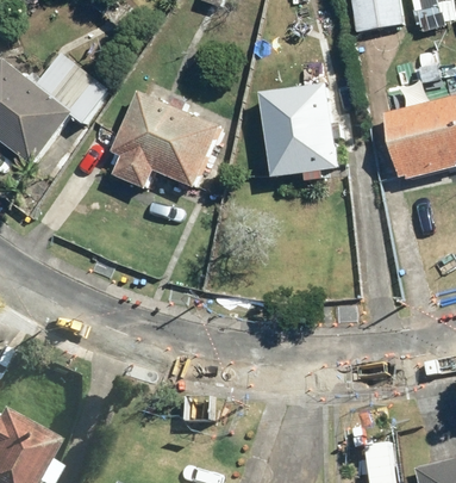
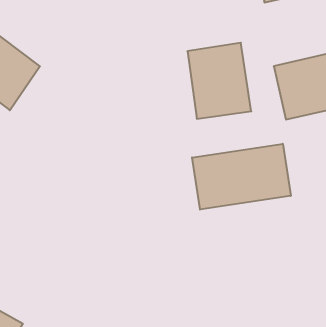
building: [114,88,227,188] -> none
building: none -> [192,144,291,210]

